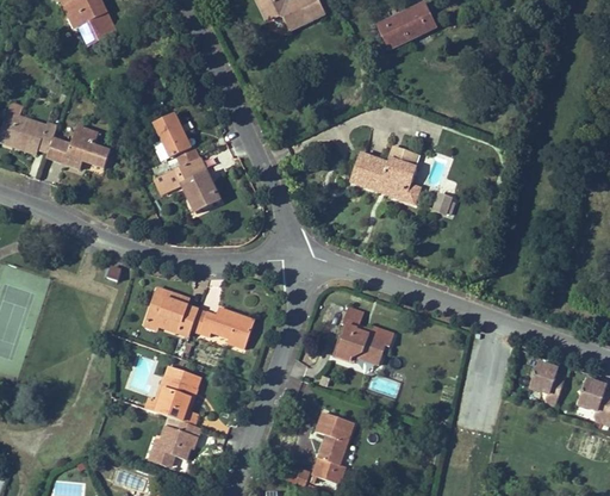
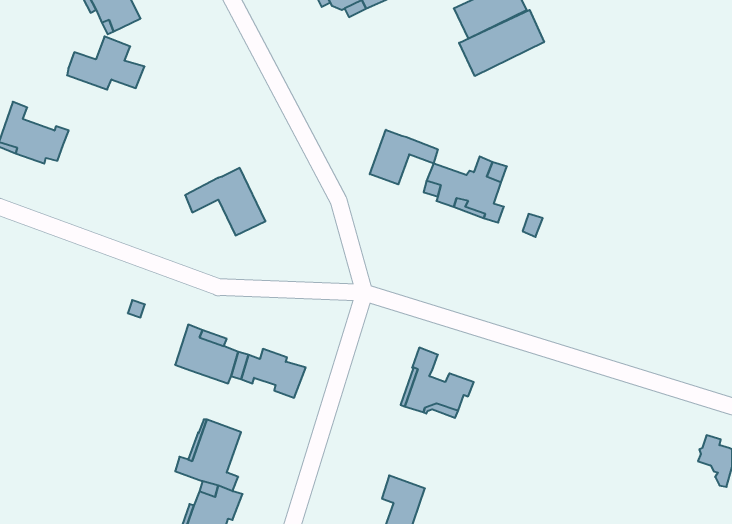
building: none -> [459,10,544,76]
building: [154,112,199,163] -> none
building: [46,124,111,168] -> [67,36,145,90]
building: none -> [370,130,438,184]
building: [530,361,565,404] -> none

